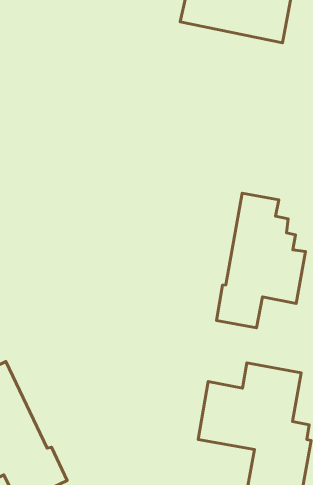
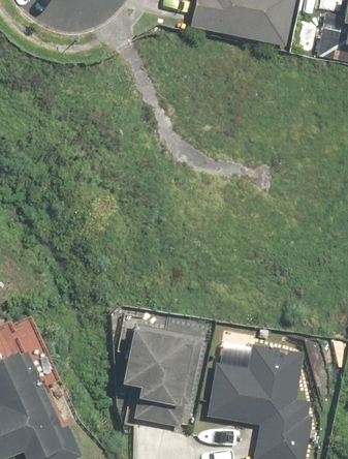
building: [216,193,306,328] -> none
building: none -> [124,325,202,427]

